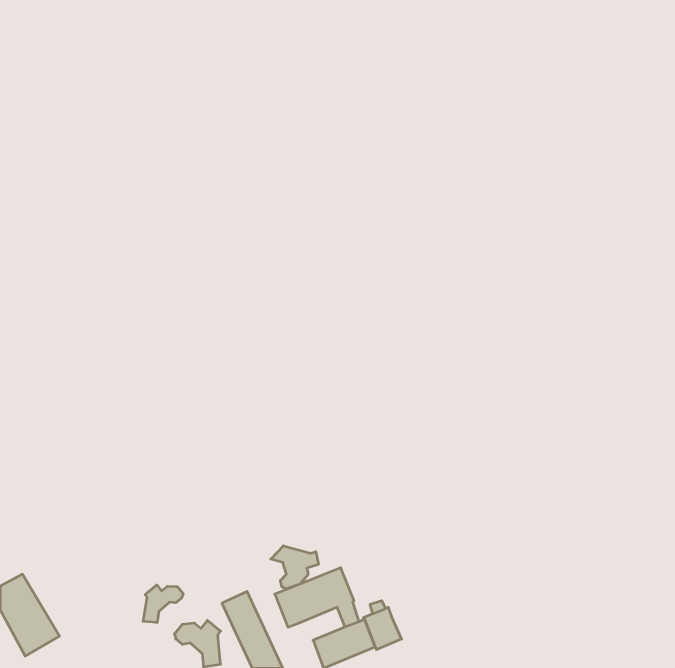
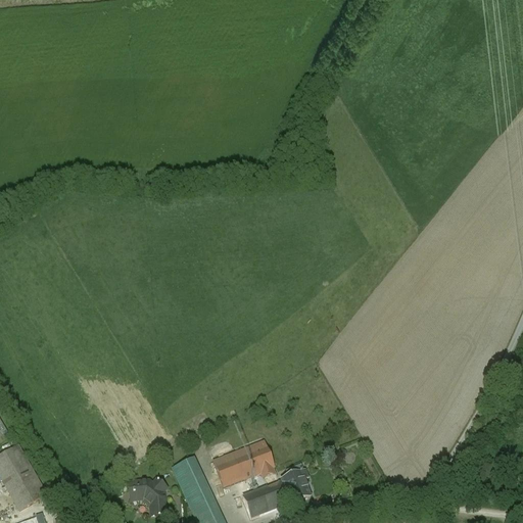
building: [271,546,318,589] -> none
building: [143,585,183,623] -> none

